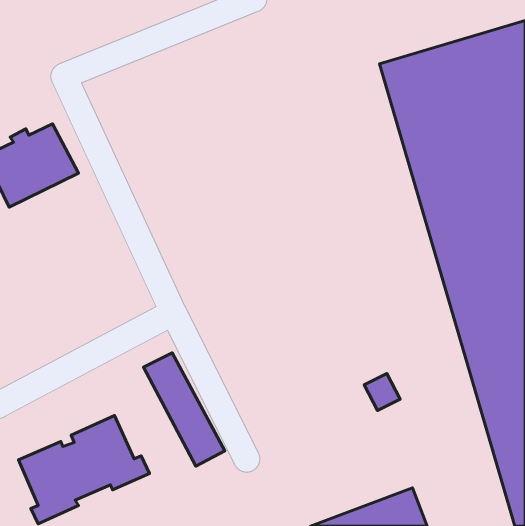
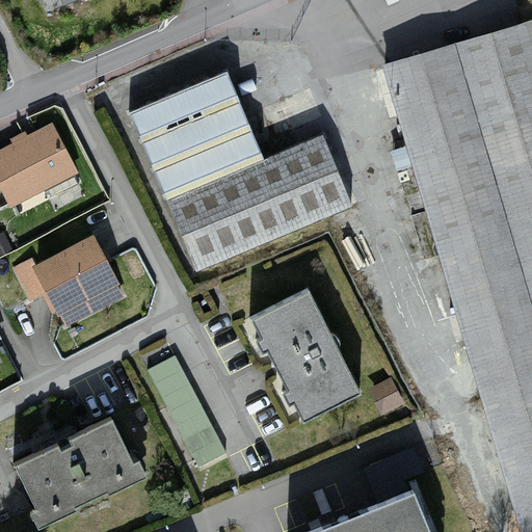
building: none -> [135,78,354,271]
building: none -> [33,235,125,318]
building: none -> [255,289,360,417]

